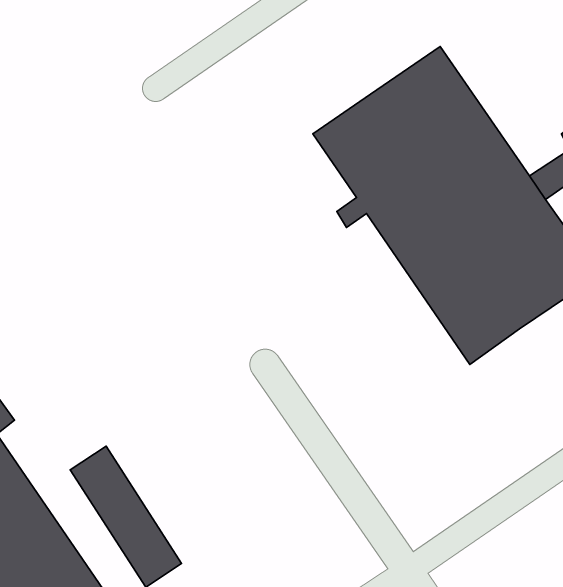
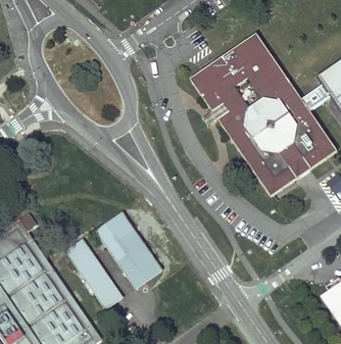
building: none -> [95,212,162,290]

